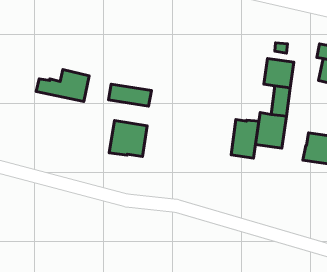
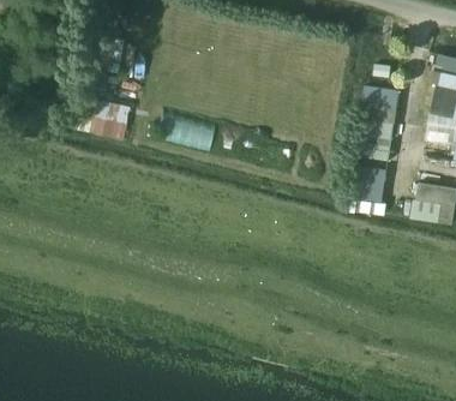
building: [231,120,259,158] -> none
building: [109,120,147,157] -> none

